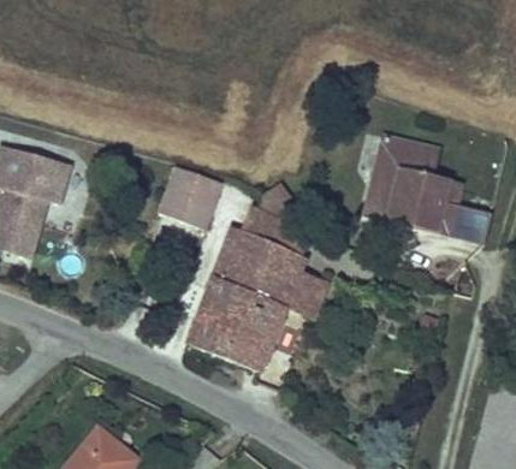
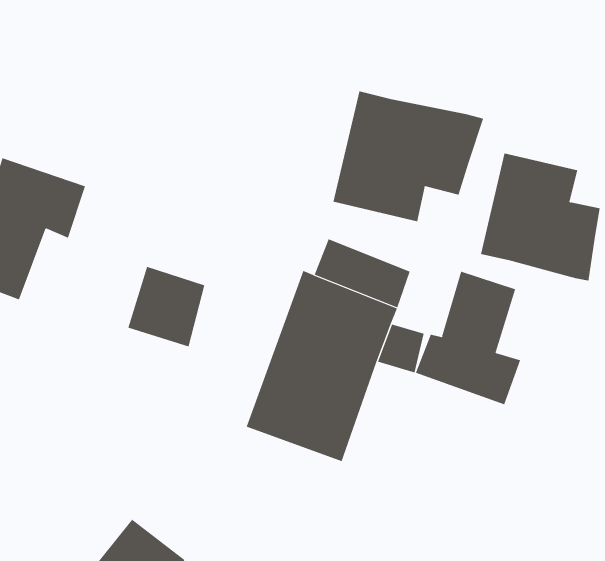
building: none -> [333,90,484,222]
building: [154,168,213,230] -> [127,266,205,347]
building: none -> [415,271,521,405]

